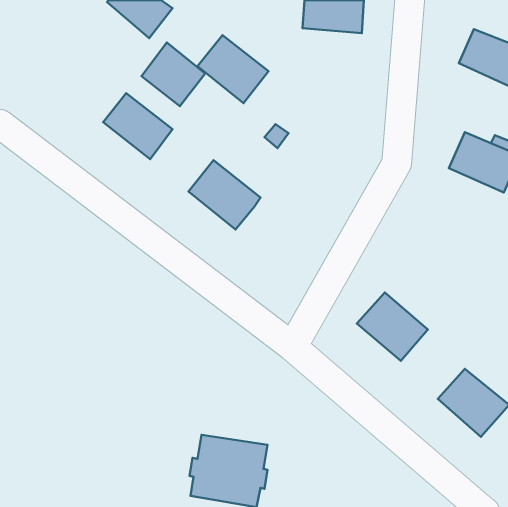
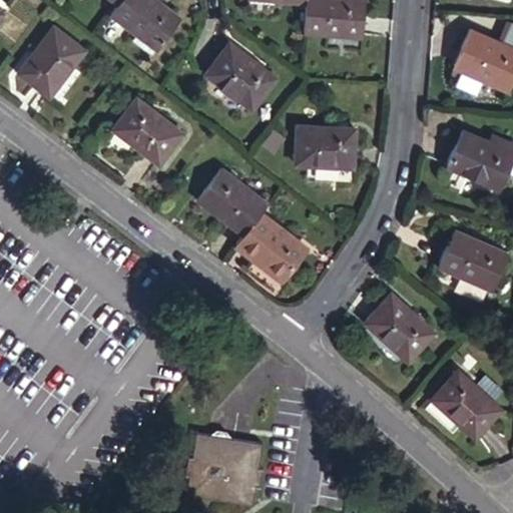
building: none -> [15,24,78,91]
building: [141,42,205,106] -> none
building: none -> [300,122,358,164]
building: none -> [234,211,306,280]
building: none -> [439,234,506,288]

